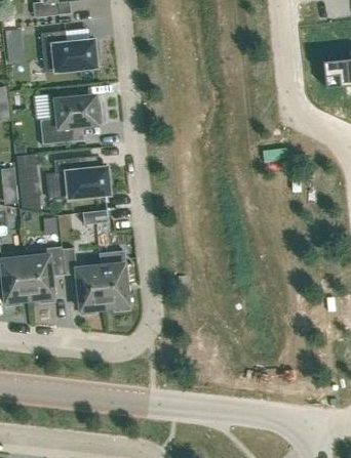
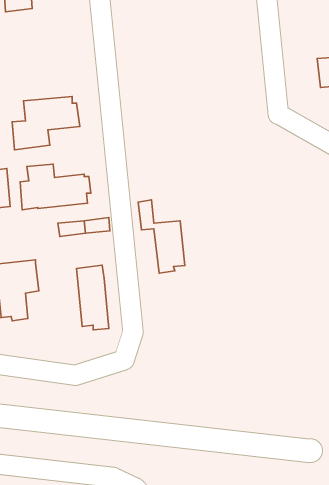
building: [40,31,100,72] -> none
building: [62,247,105,315] -> [138,200,185,273]

